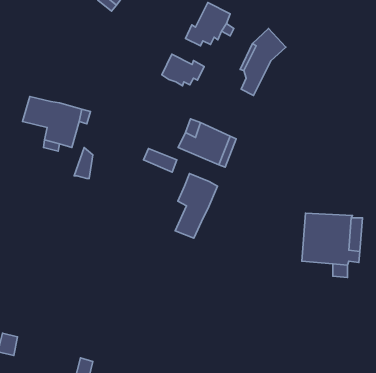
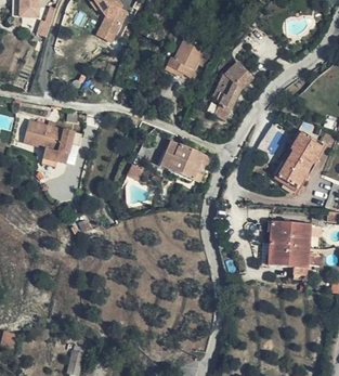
building: [162,54,204,86] -> none
building: none -> [277,133,321,186]
building: [175,173,218,238] -> none

